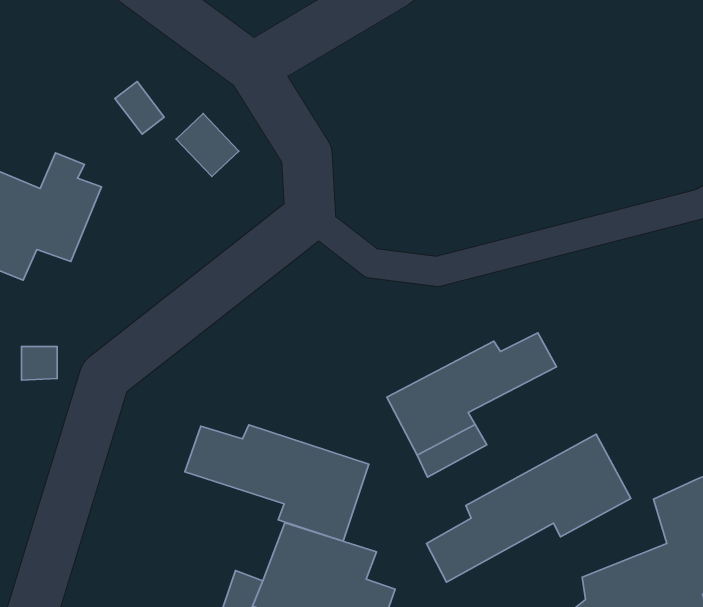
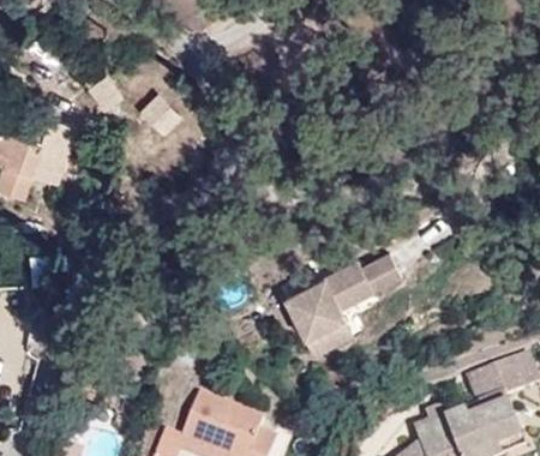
building: [185,425,369,541] -> none
building: [427,434,631,582] -> none

